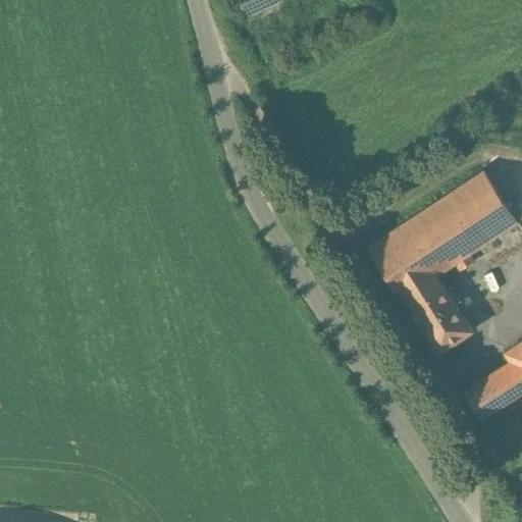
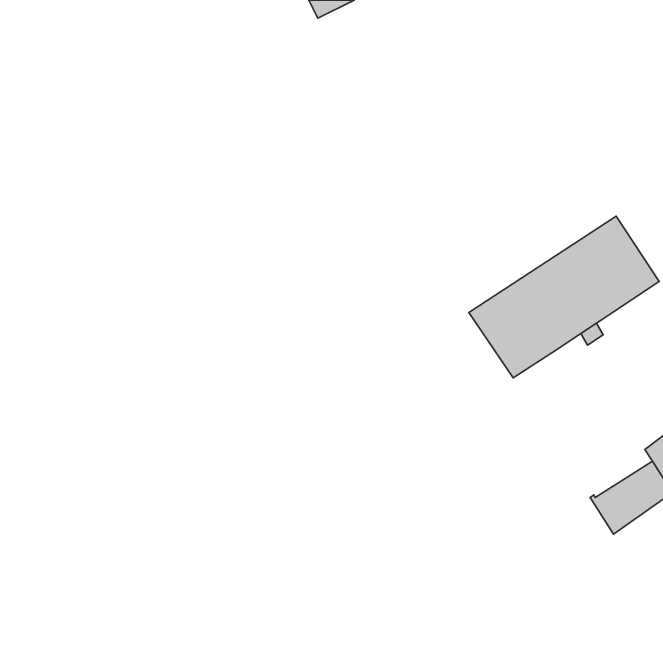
building: [405,275,475,353] -> none

